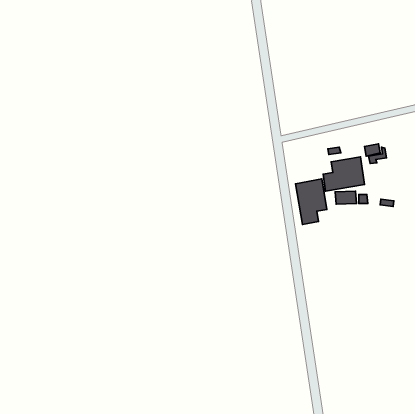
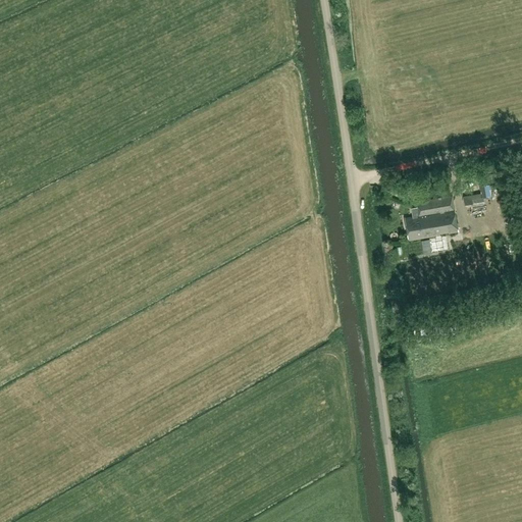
building: [296,179,327,224] -> none

